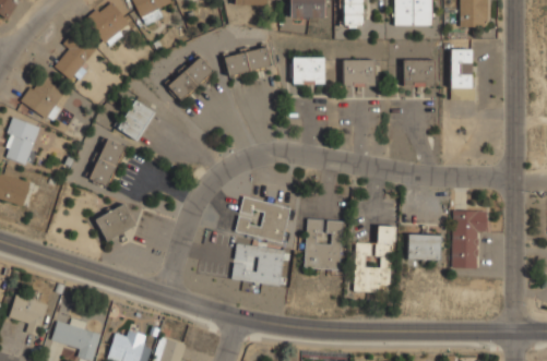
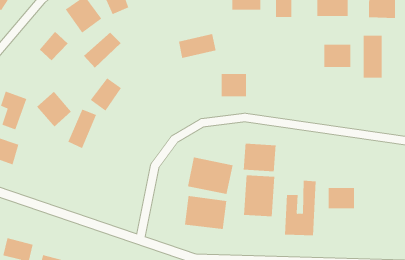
building: [166,56,213,100] -> [83,32,122,68]
building: [292,56,323,84] -> [221,74,247,97]
building: [343,59,374,86] -> none
building: [22,75,66,120] -> [36,91,72,127]
building: none -> [243,143,276,172]
building: [95,203,136,241] -> none
building: [451,208,488,267] -> none

